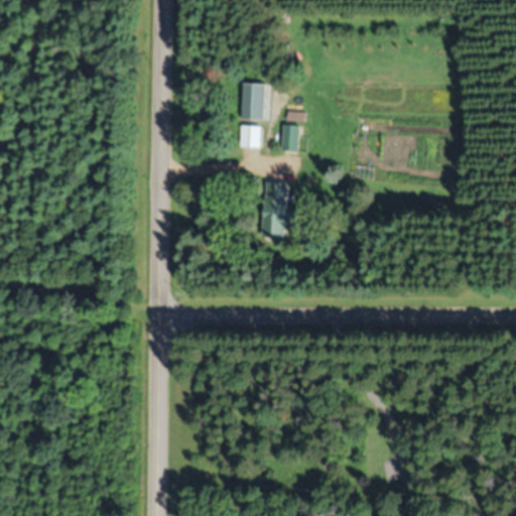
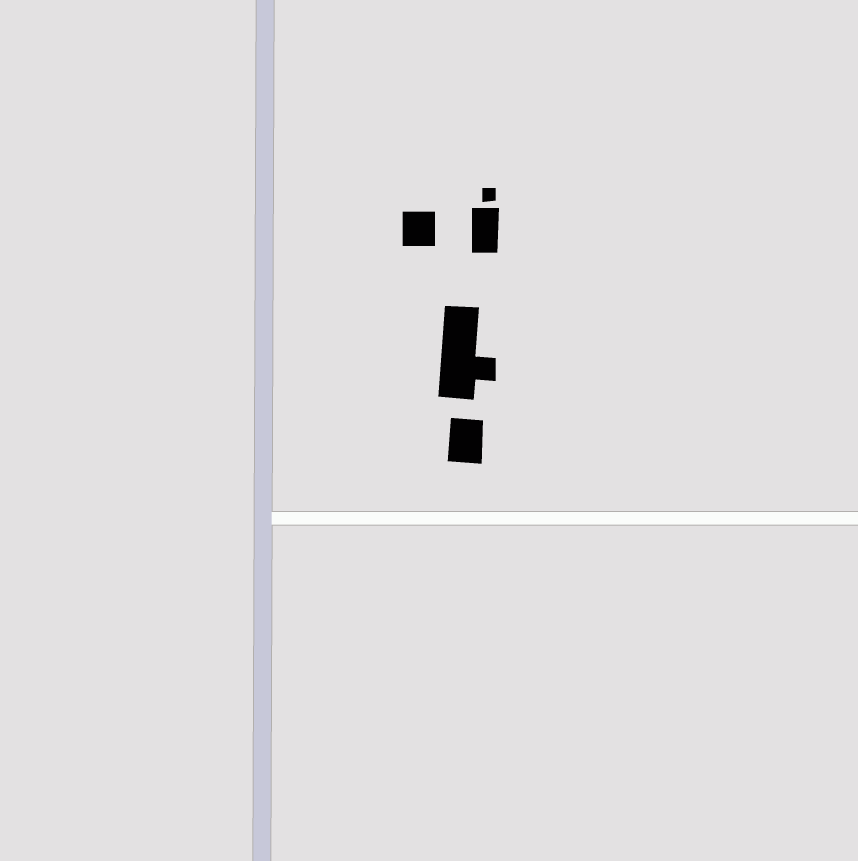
building: [243,84,265,120] -> none
building: none -> [447,417,484,464]

